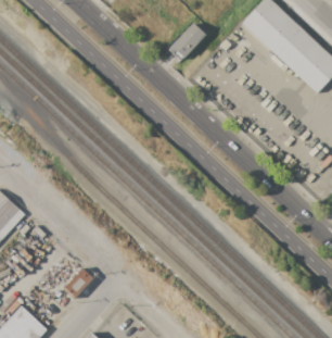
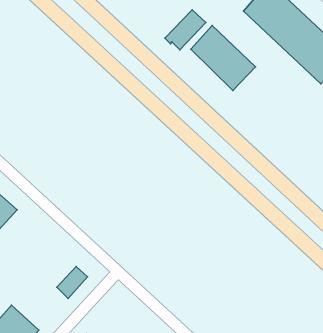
building: none -> [191,26,256,90]

